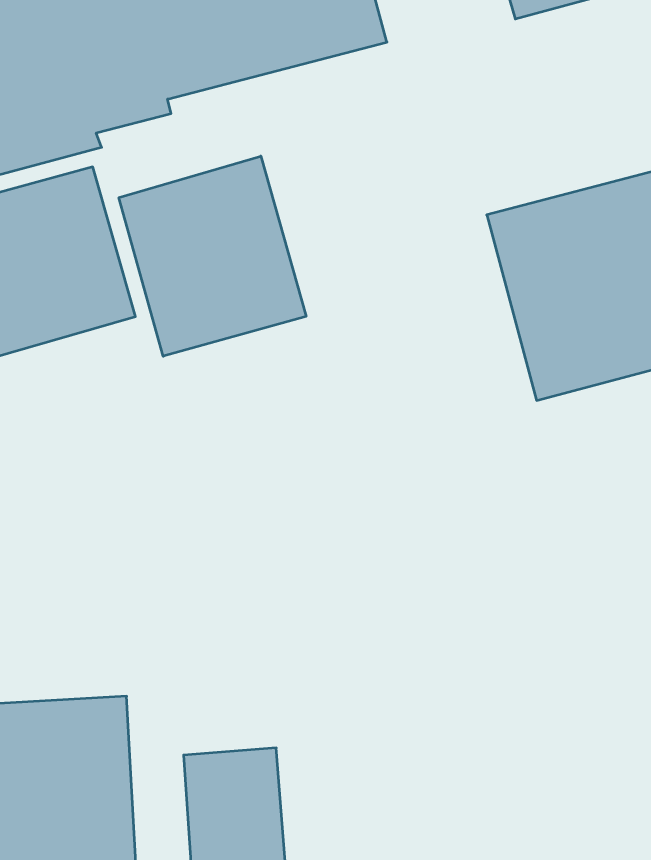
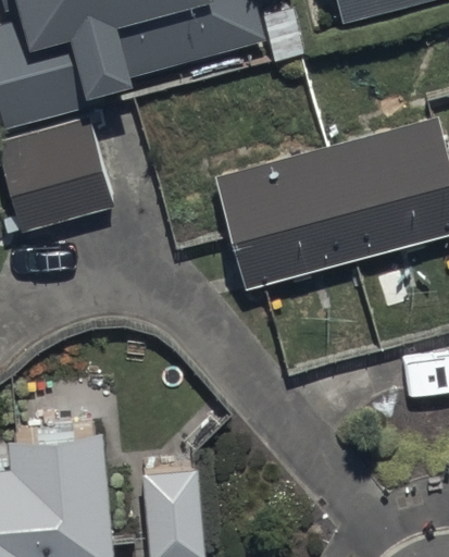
building: [119,156,306,356] -> none
building: none -> [215,146,357,288]

